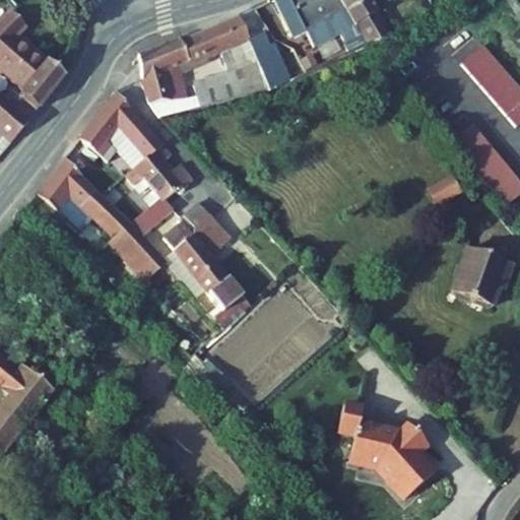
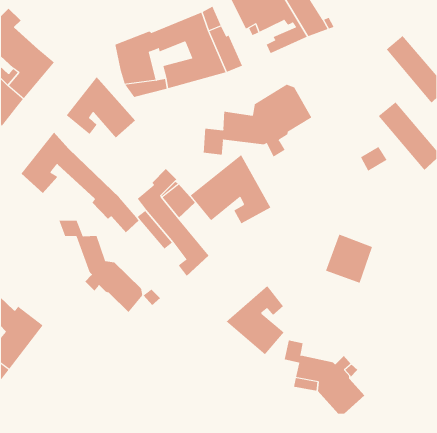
building: none -> [203,84,312,157]
building: [124,143,192,235] -> none
building: none -> [190,154,271,224]
building: [450,246,507,305] -> [325,234,373,284]
building: none -> [58,220,143,313]
building: none -> [226,285,285,355]

